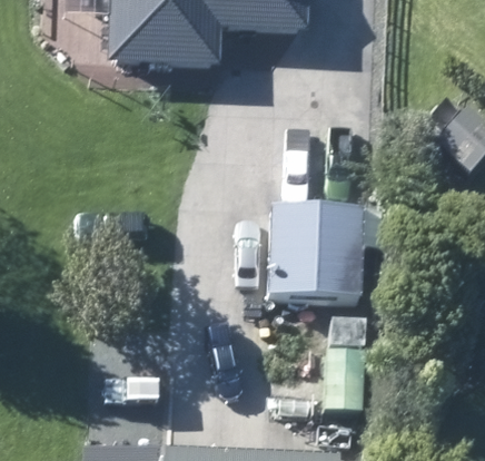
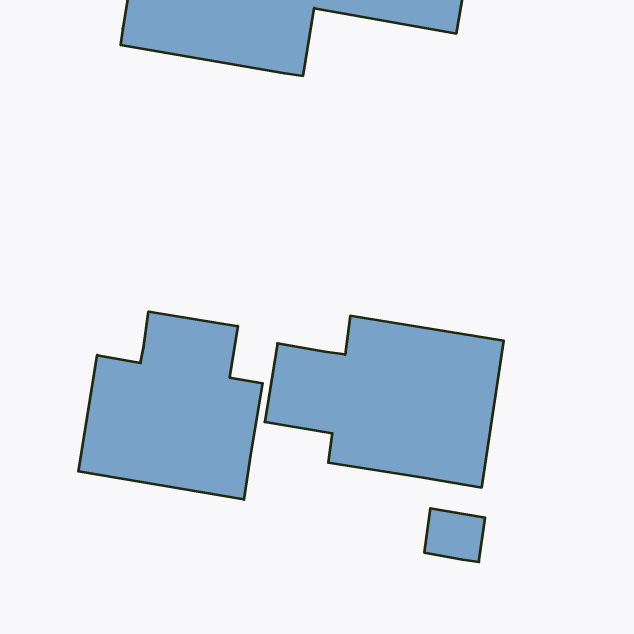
building: none -> [78,312,263,500]

